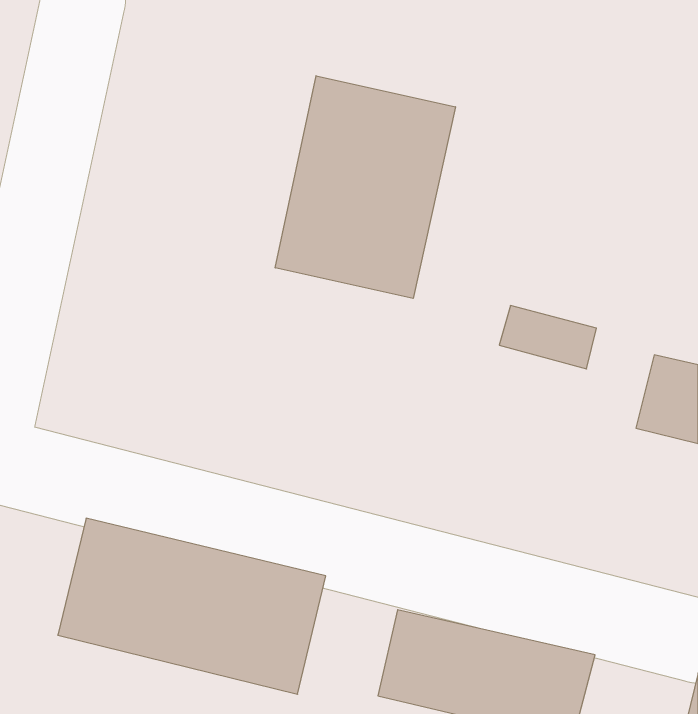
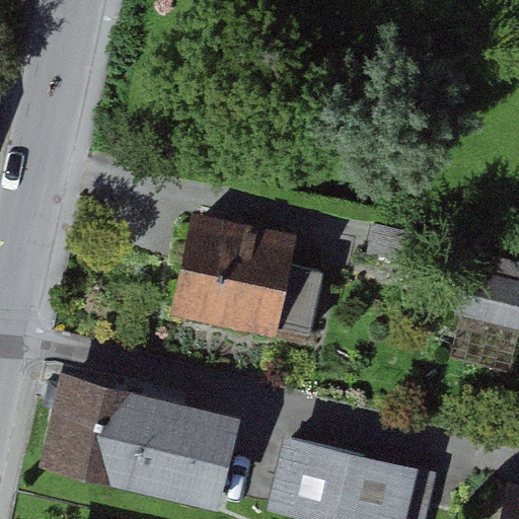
building: [275,76,455,298] -> none
building: none -> [174,221,317,335]

